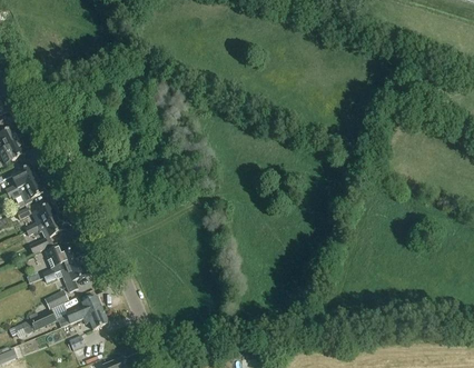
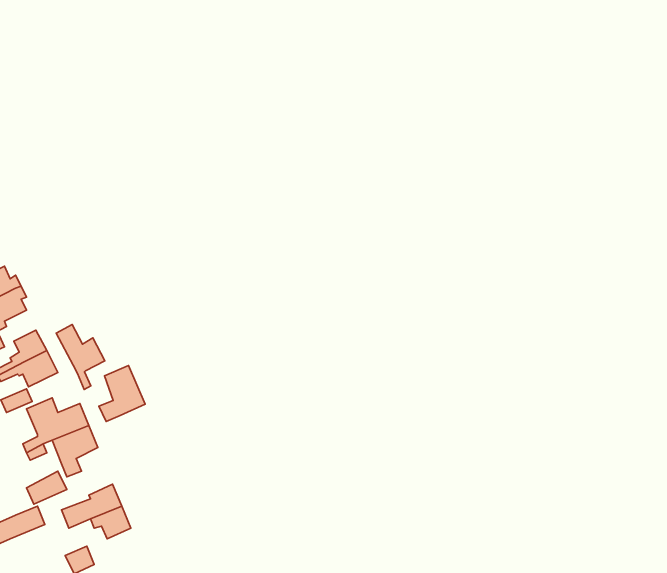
building: none -> [56,324,105,390]
building: none -> [99,366,145,421]

